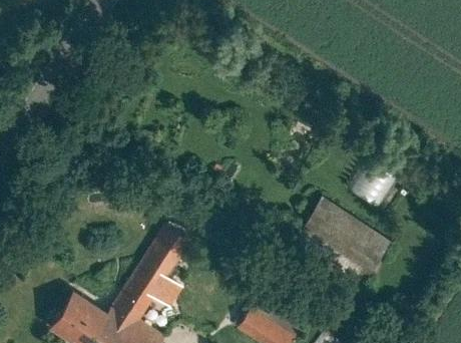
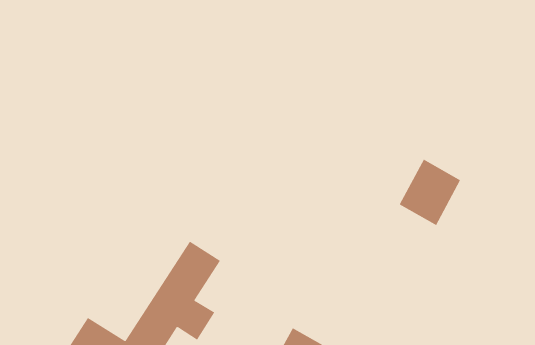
building: [298,198,391,280] -> none

